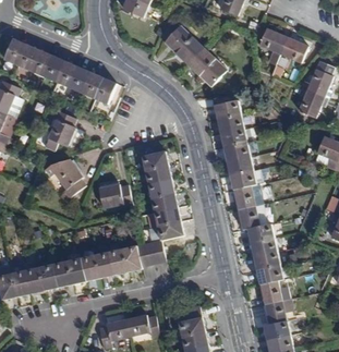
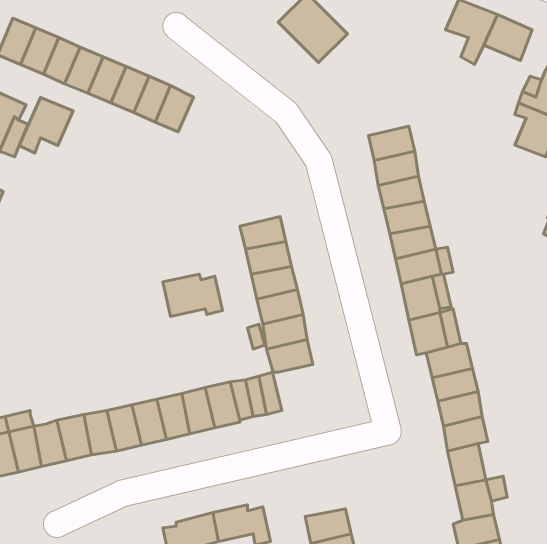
building: [186,47,227,86] -> none
building: [45,119,75,150] -> [19,97,73,153]
building: [44,158,85,197] -> none

